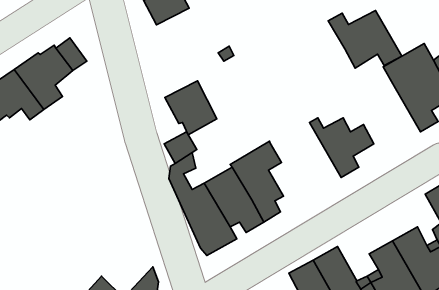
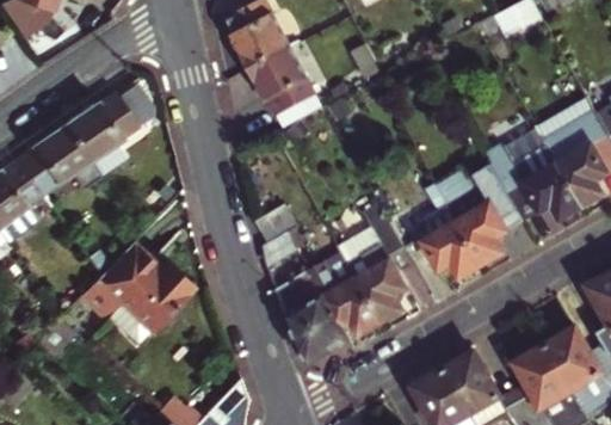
building: [328,11,402,68] -> [488,147,582,221]
building: [165,81,217,135] -> [245,47,311,116]
building: none -> [390,184,481,276]
building: none -> [81,247,189,347]

